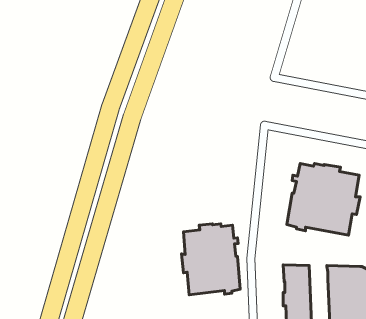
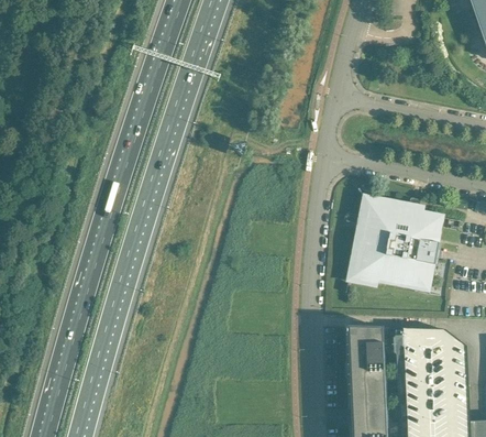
building: [182,224,240,295] -> none

